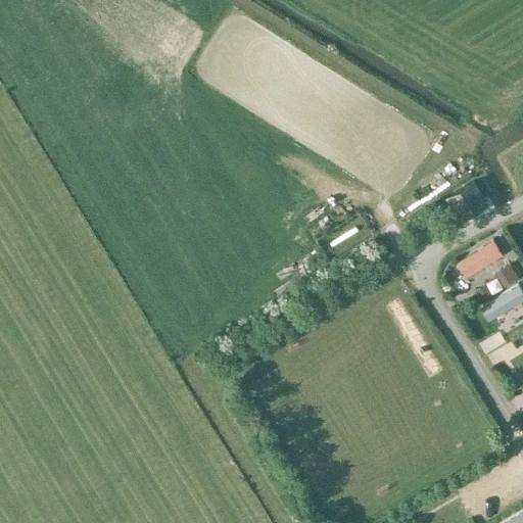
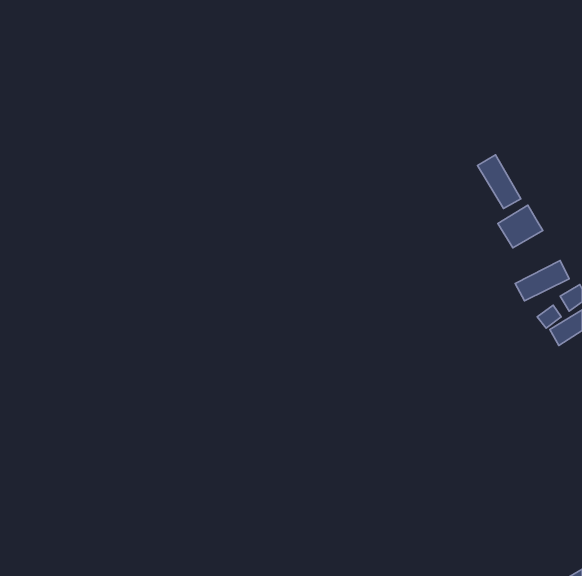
building: none -> [478,155,521,208]

